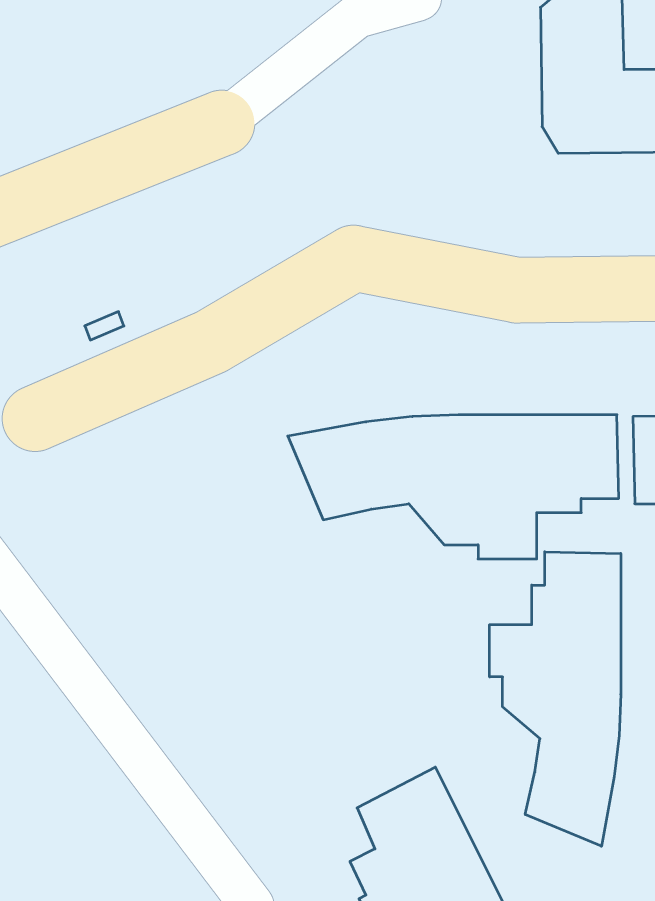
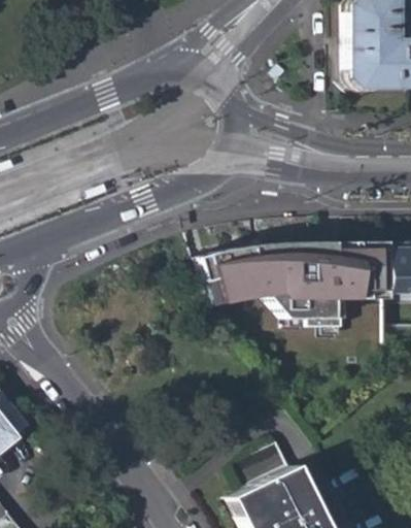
building: [490,552,621,846] -> none

